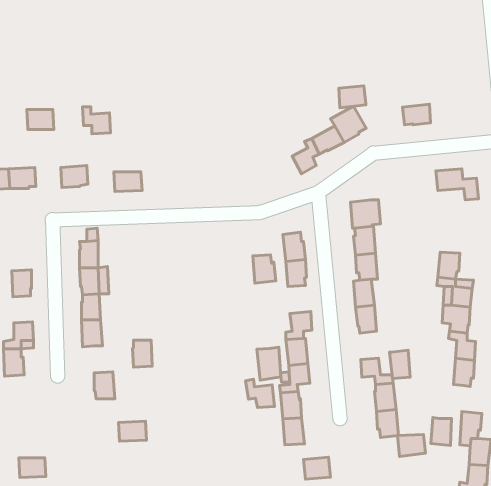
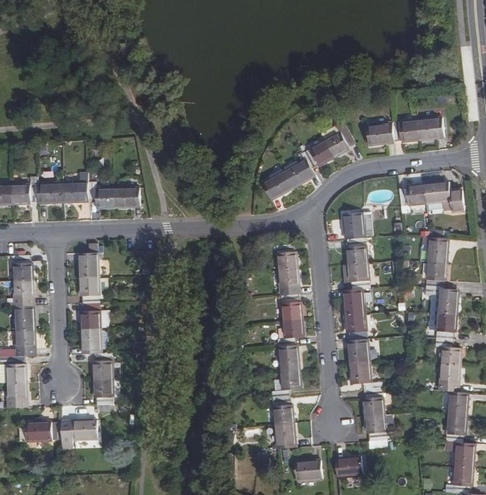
building: [339,86,366,108] -> [367,123,393,145]
building: none -> [417,118,444,139]
building: [82,107,110,134] -> [86,180,113,206]
building: [27,110,54,129] -> [36,182,62,201]
building: none -> [261,171,293,200]
building: none -> [398,185,425,207]
building: none -> [427,237,448,264]
building: none -> [13,255,33,281]
building: [253,255,276,283] -> [280,295,302,322]
building: none -> [15,305,34,331]
building: [133,340,152,367] -> [92,353,111,380]
building: [257,347,281,380] -> none
building: [389,350,410,378] -> [347,339,368,366]
building: none -> [7,382,26,408]
building: [246,379,275,408] -> none
building: [431,417,452,445] -> [448,392,468,419]
building: [118,421,146,441] -> [70,421,97,440]
building: [397,434,426,456] -> [335,458,362,479]
building: [19,458,46,478] -> [25,423,51,442]

